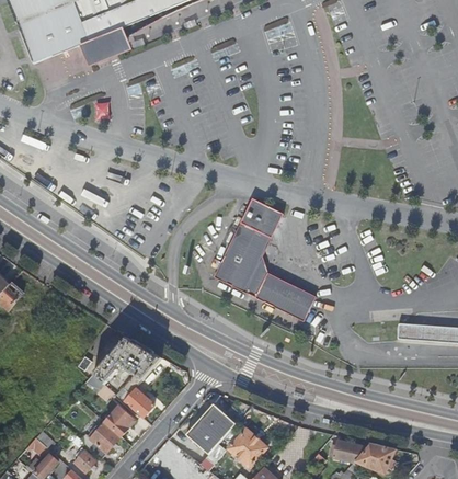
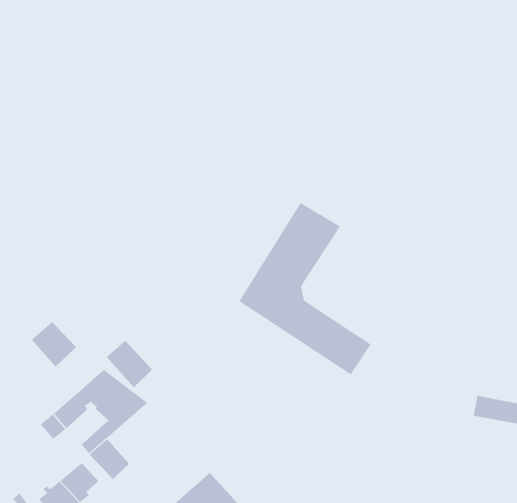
building: none -> [31,321,77,368]
building: none -> [106,340,153,388]

